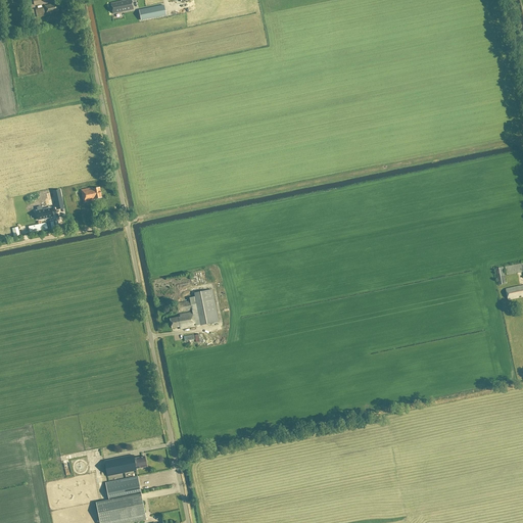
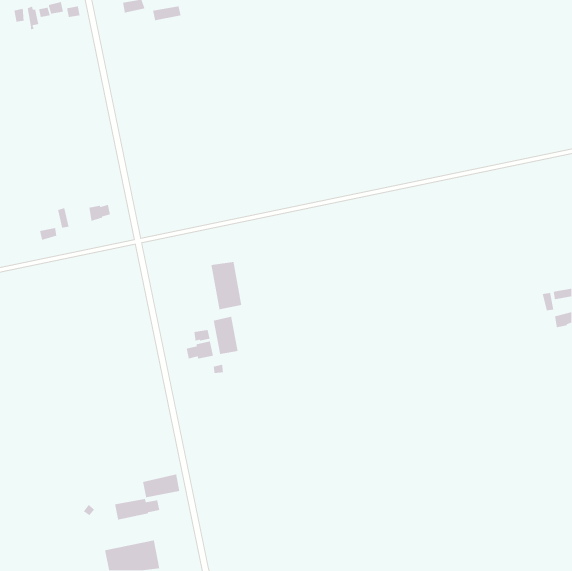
building: none -> [210,261,242,310]
building: [105,475,140,497] -> [142,474,180,498]

